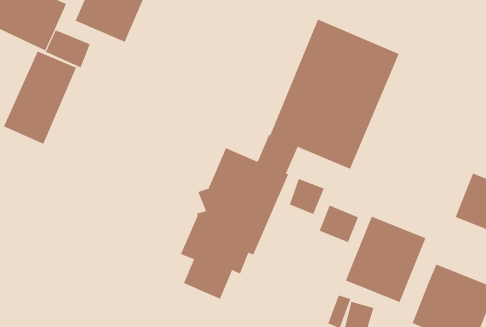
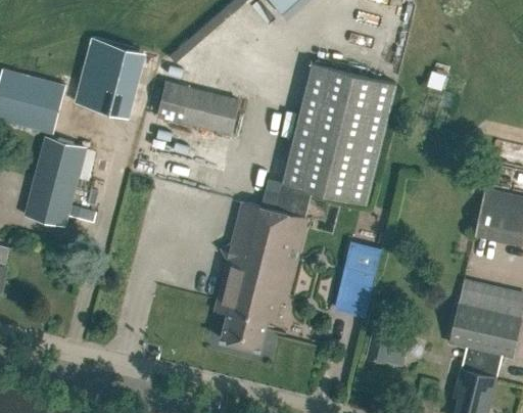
building: none -> [155,81,239,135]
building: [45,30,90,68] -> none
building: [289,178,325,215] -> none
building: [345,216,426,303] -> none

